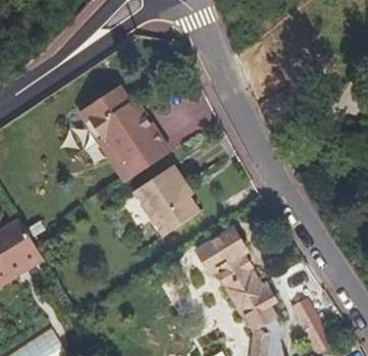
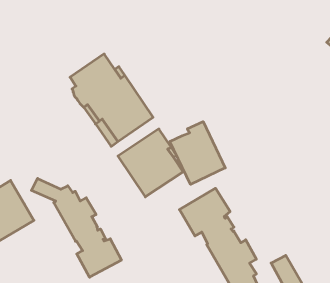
building: none -> [170,122,225,184]
building: none -> [31,178,121,277]

